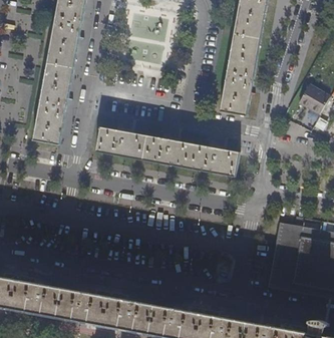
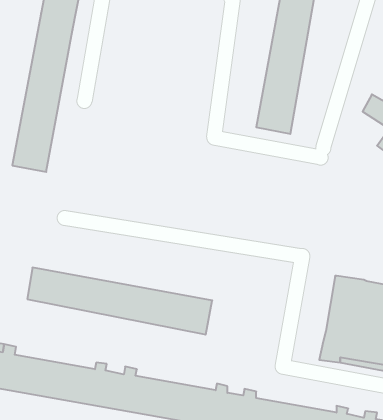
building: [96,128,238,180] -> [27,268,212,335]

